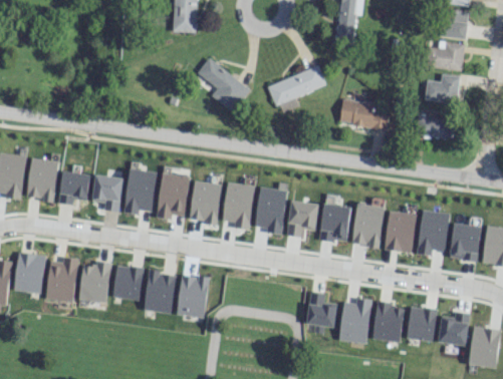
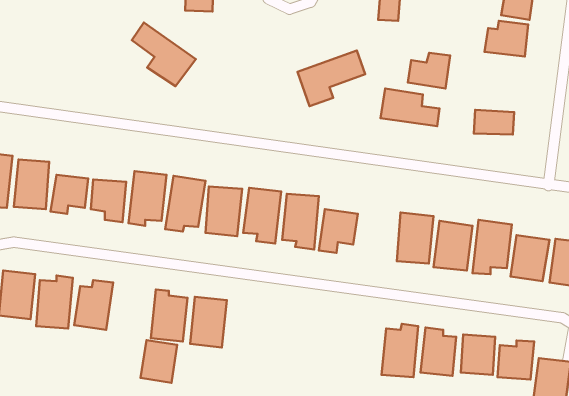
building: [197,58,251,112] -> [132,22,196,86]
building: [424,74,460,104] -> [408,53,450,88]
building: [319,205,350,242] -> none
building: [112,265,144,301] -> [141,340,177,383]
building: [306,292,336,334] -> none

